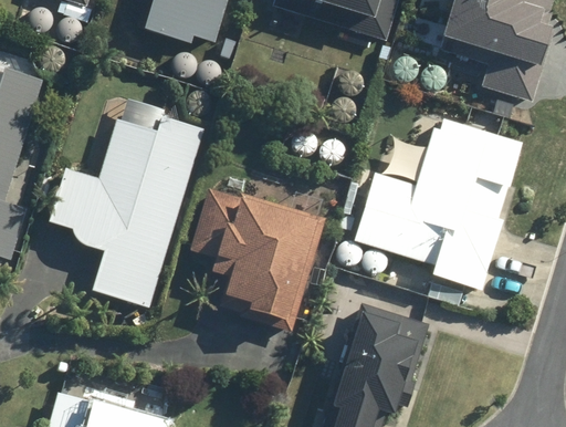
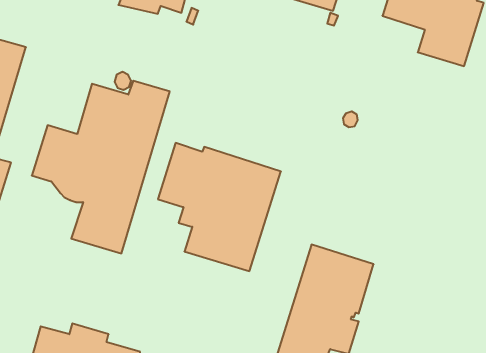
building: [355,118,522,291] -> none

